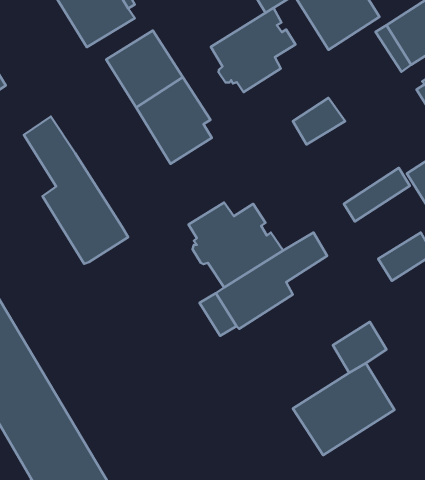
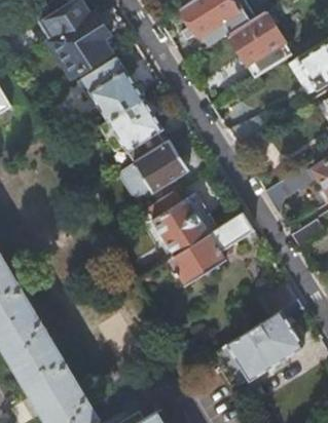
building: [211,8,295,92] -> none
building: [24,117,128,264] -> none
building: none -> [136,140,190,190]

